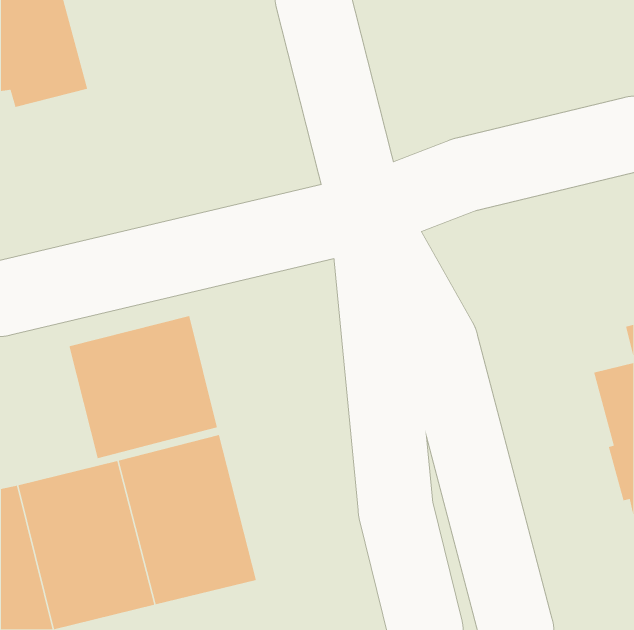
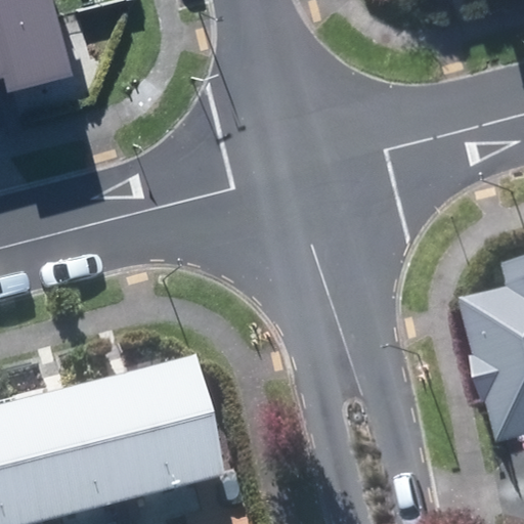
building: [68,315,218,459] -> none

